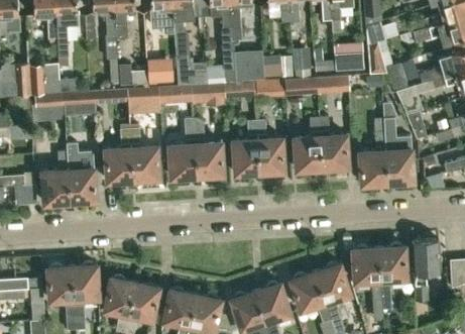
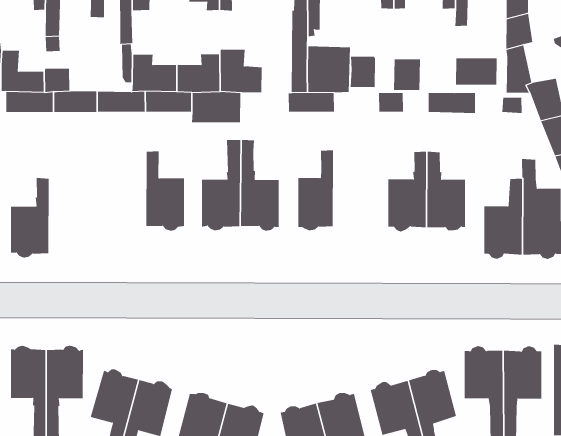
building: [192,84,225,106] -> none
building: [256,120,284,174] -> none
building: [105,129,133,184] -> none
building: [67,144,96,204] -> none

